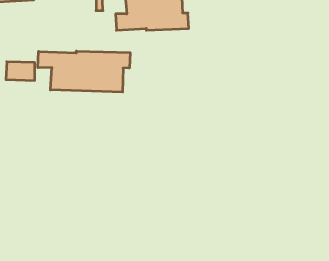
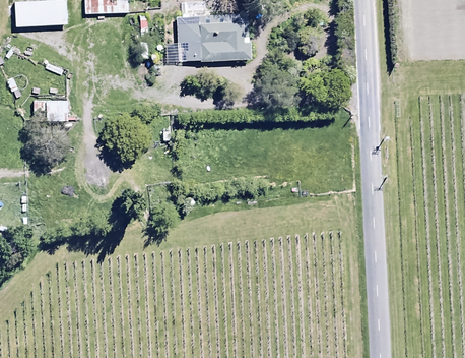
building: [38,51,130,92] -> none

